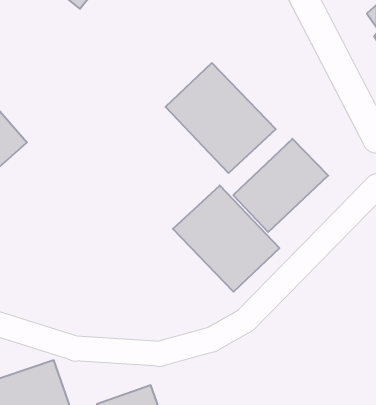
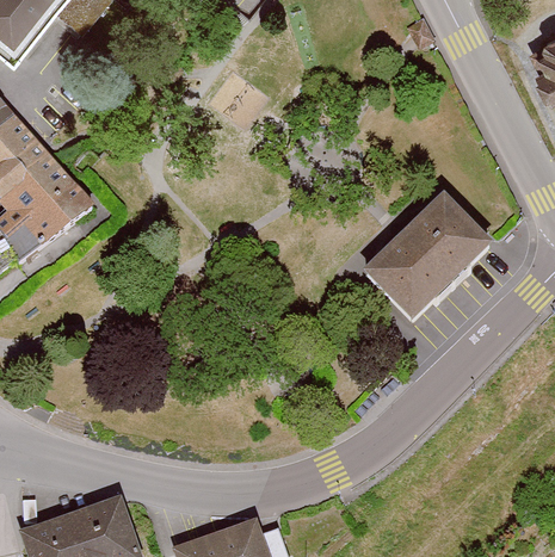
building: [166,63,276,173] -> none
building: [173,185,279,292] -> none

